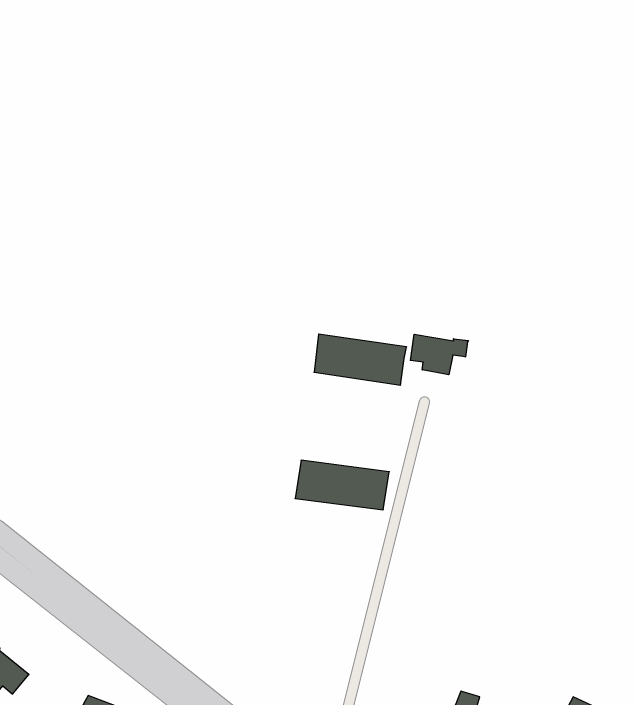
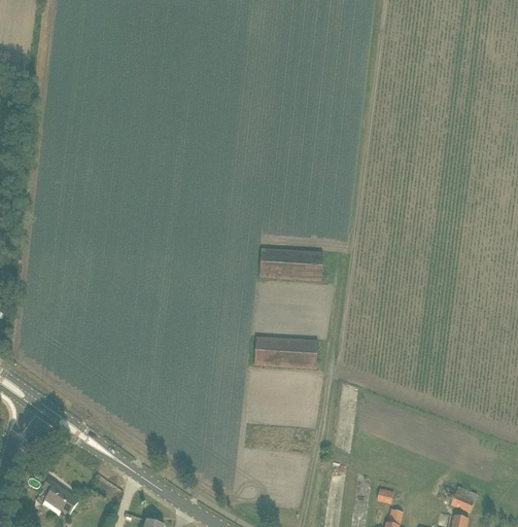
building: [410,334,468,375] -> none

